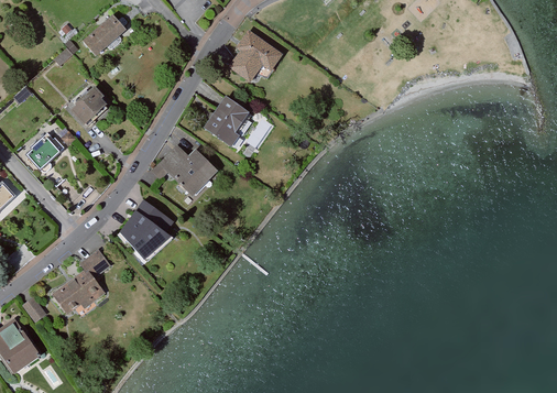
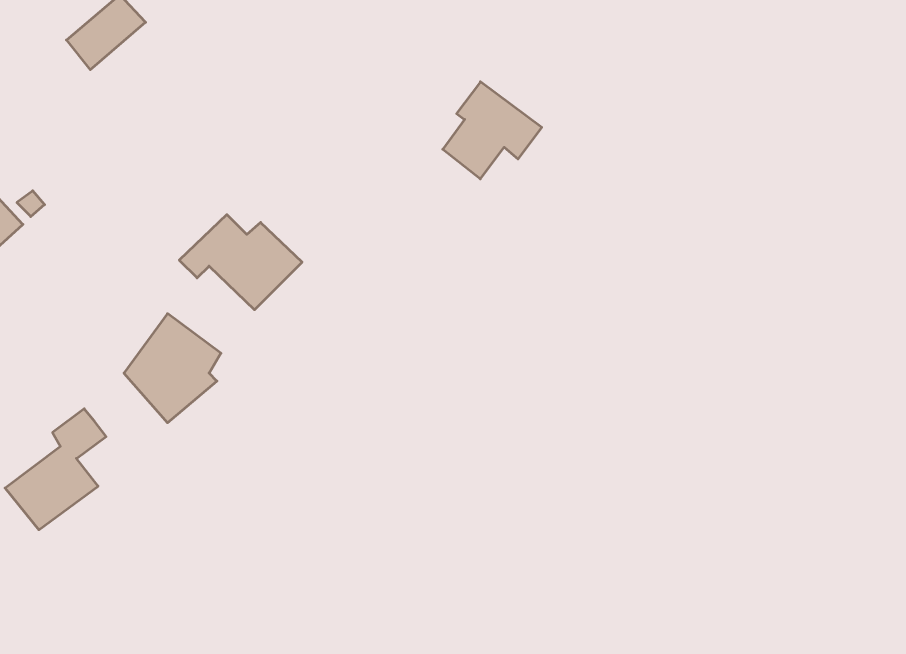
building: [229,32,284,86] -> [443,82,542,179]
building: [74,90,111,128] -> none
building: [203,94,249,145] -> none

